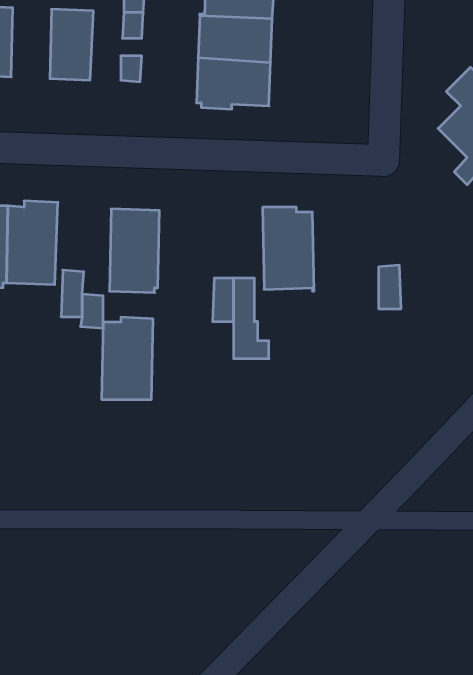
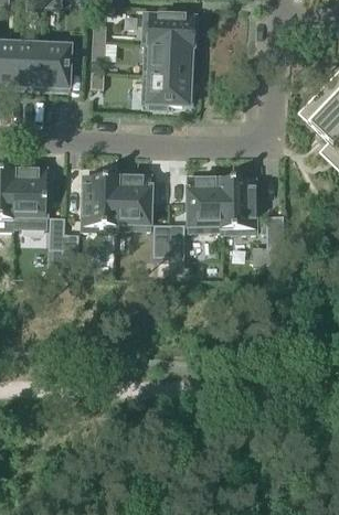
building: none -> [14,37,42,86]
building: none -> [221,176,255,232]
building: [102,317,153,399] -> [115,173,150,229]

